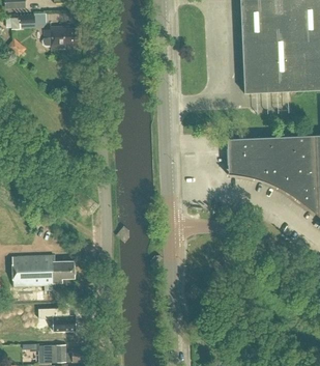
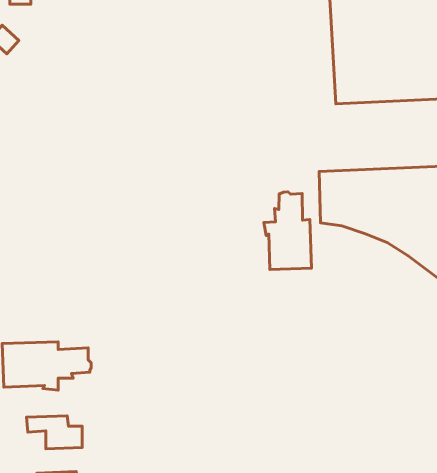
building: [43,26,79,49] -> none
building: none -> [264,192,312,270]

